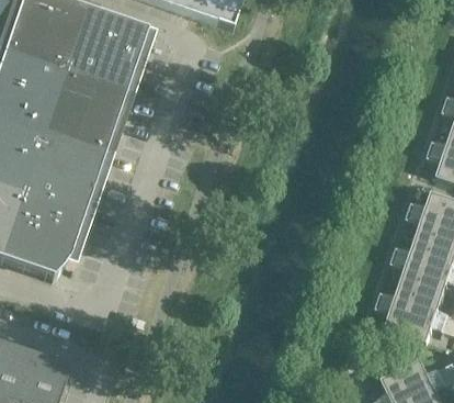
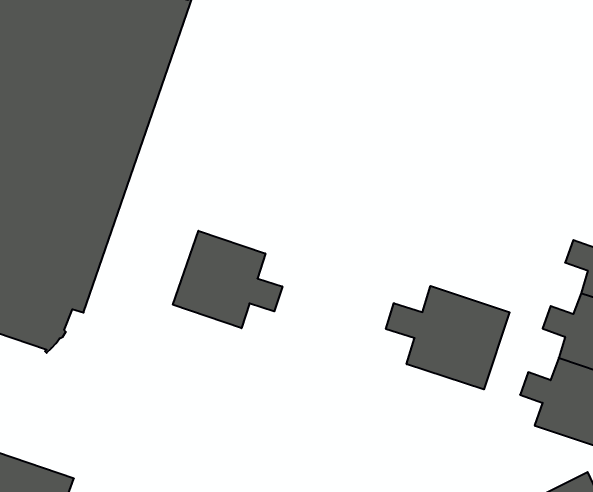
building: none -> [173,231,282,328]
building: none -> [386,286,510,389]

